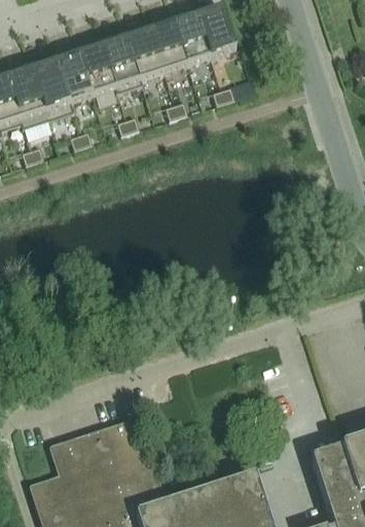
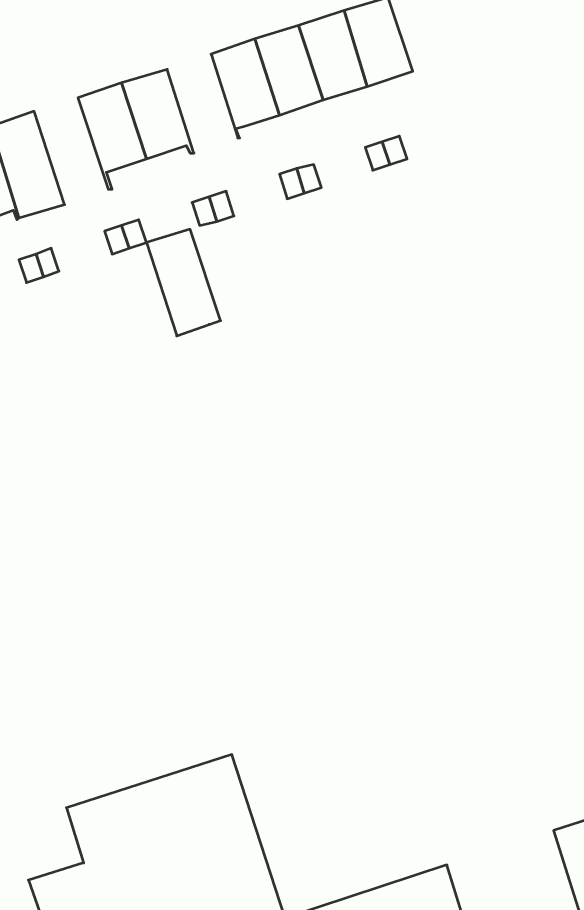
building: [103,39,141,93] -> none
building: [31,63,71,120] -> [146,229,221,336]

